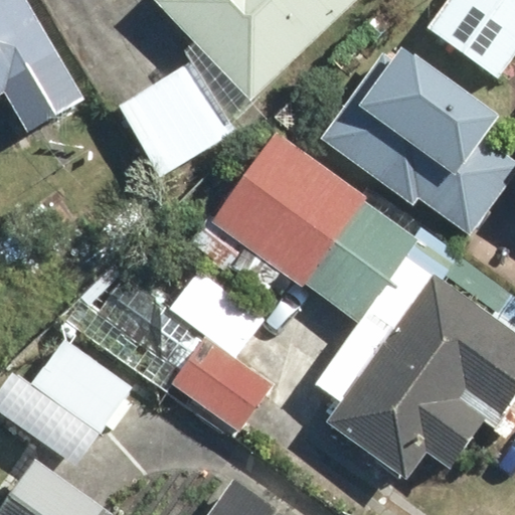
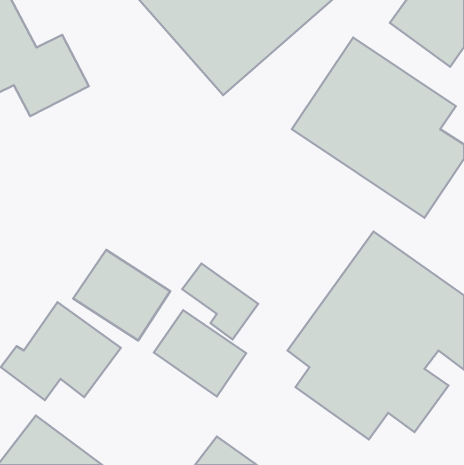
building: [119,64,233,177] -> none
building: [193,135,410,317] -> none

